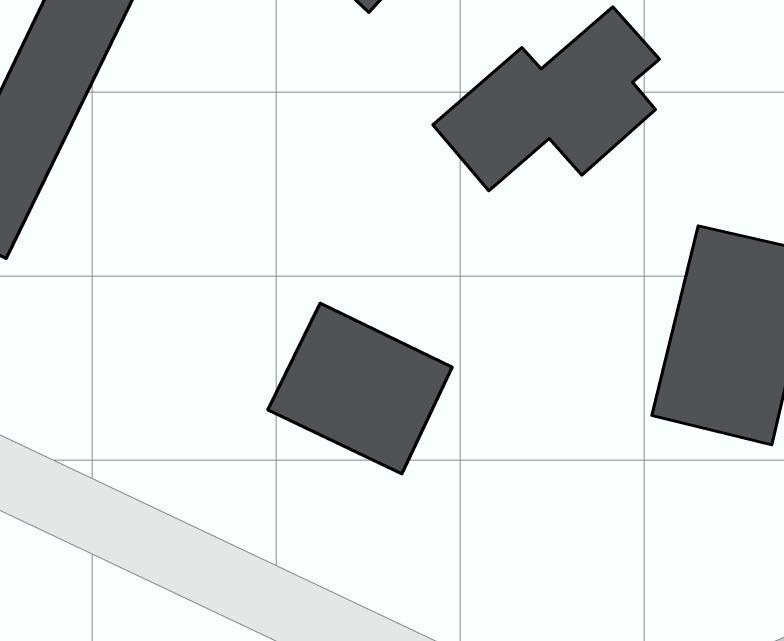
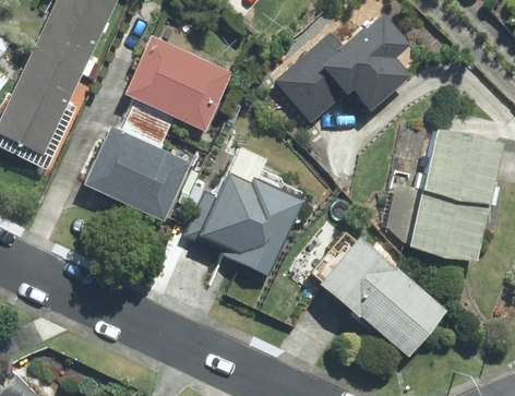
building: none -> [130,38,228,128]
building: none -> [88,129,189,219]
building: none -> [314,235,435,349]

